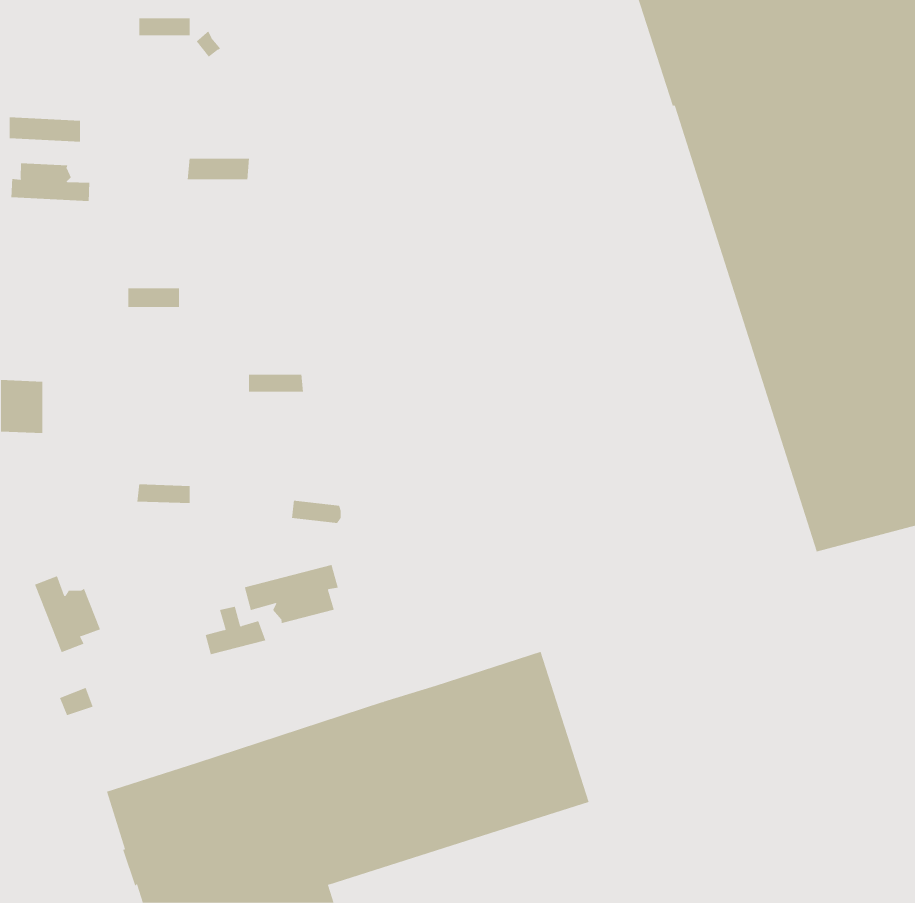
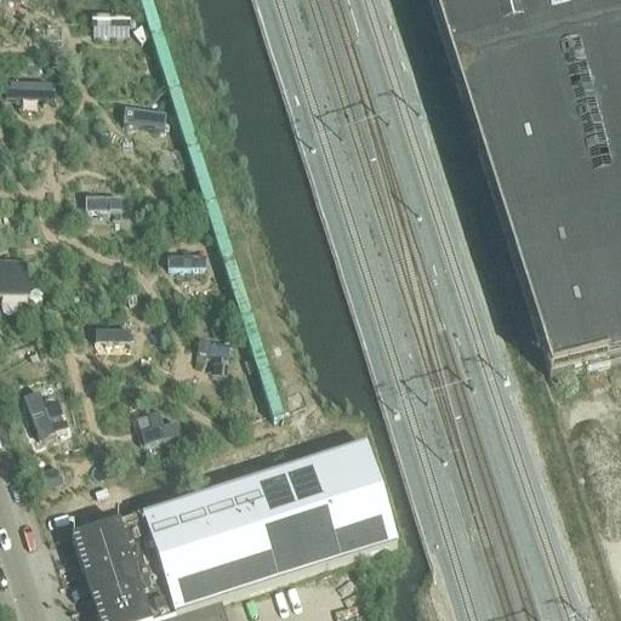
building: [11,163,90,202] -> none
building: [244,564,338,624] -> none

